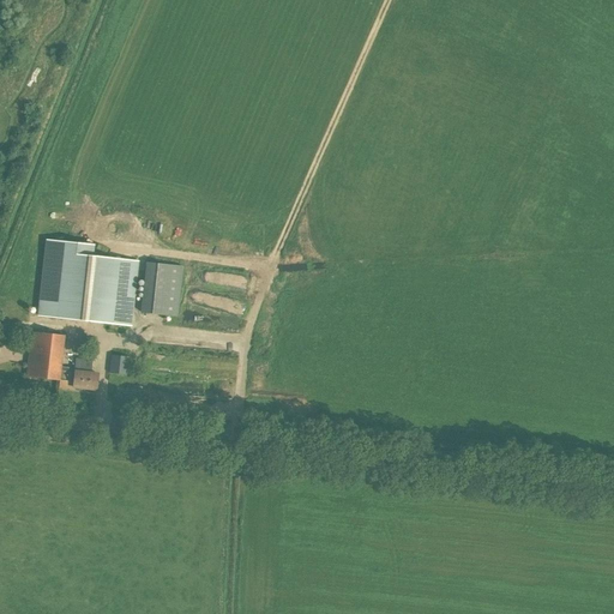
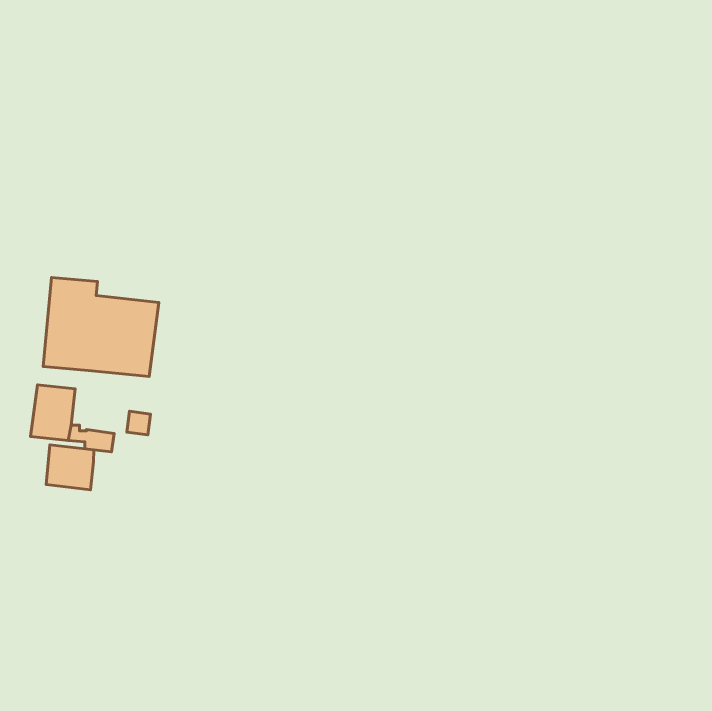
building: [140,261,183,315] -> none
building: none -> [46,445,94,490]

